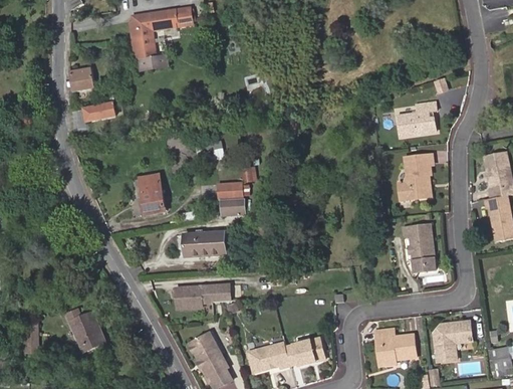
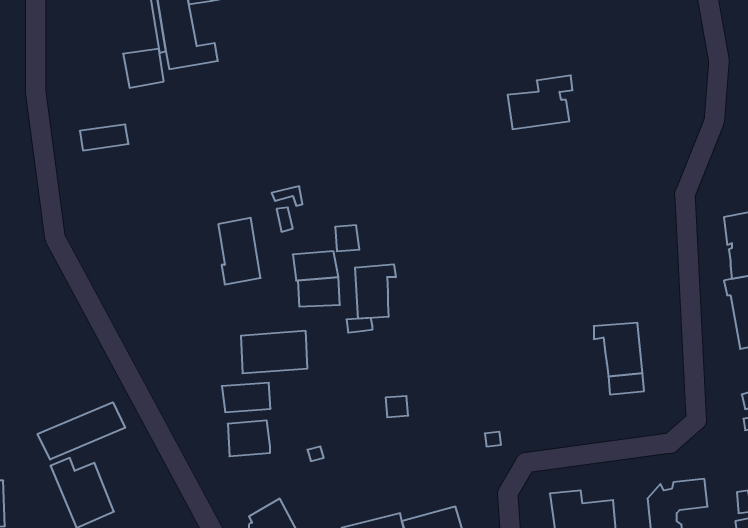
building: [69,67,94,91] -> [123,49,164,88]
building: [397,104,437,137] -> [508,75,573,129]
building: [398,155,433,200] -> none
building: [140,174,166,215] -> [218,218,261,284]
building: none -> [355,264,396,319]
building: none -> [38,402,125,460]
building: [201,284,231,303] -> [222,383,271,412]

